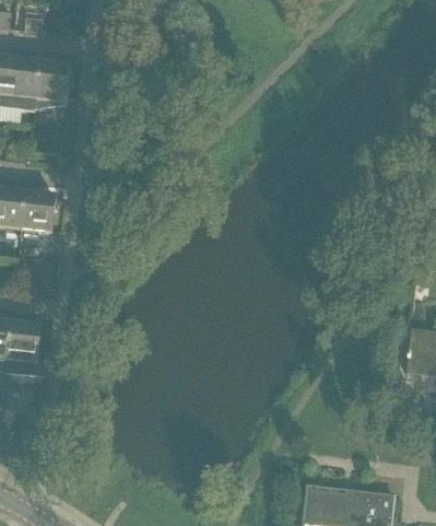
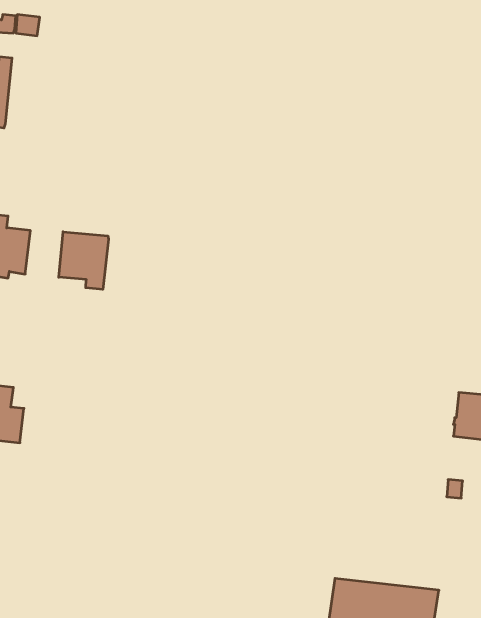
building: [34,54,69,108] -> none
building: none -> [59,232,109,289]

